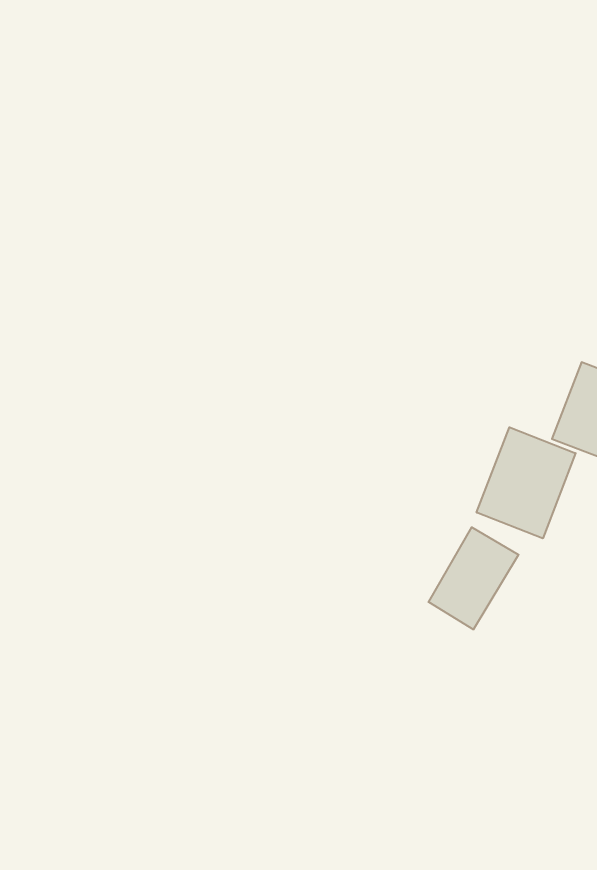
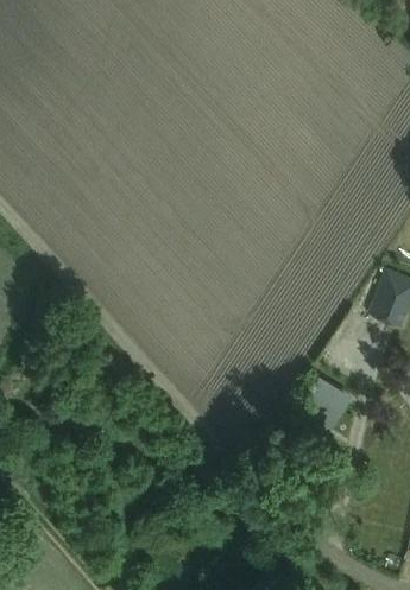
building: [477,427,576,538] -> none

